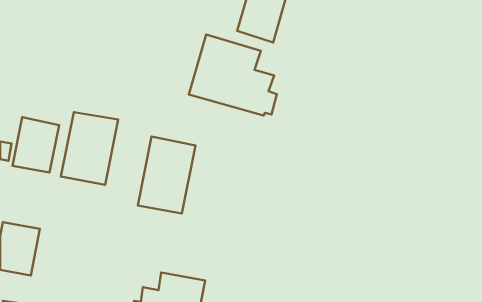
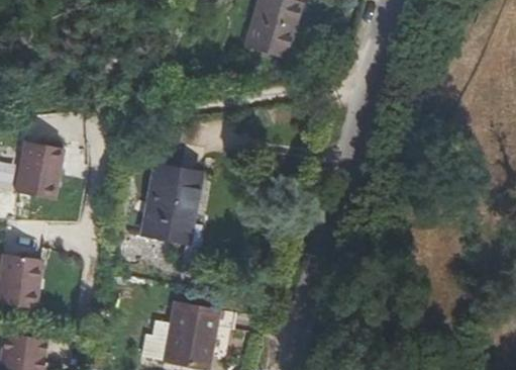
building: [189,34,277,116] -> none
building: [61,112,118,185] -> none

